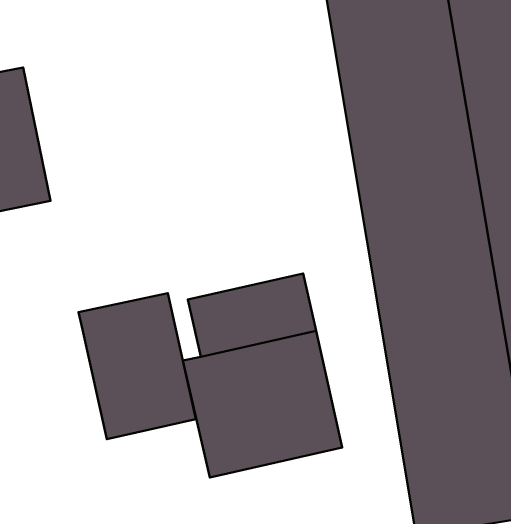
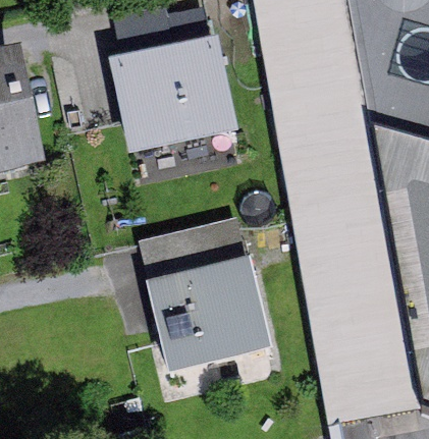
building: none -> [112,40,229,153]
building: [78,293,196,439] -> none

